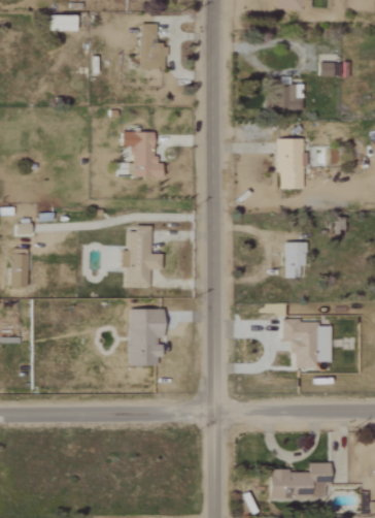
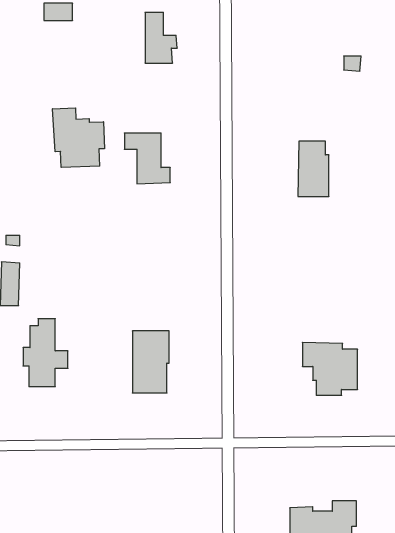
building: [279,85,304,109] -> none
building: none -> [53,108,104,167]
building: [123,225,163,286] -> [23,319,68,387]
building: [285,241,307,278] -> none

